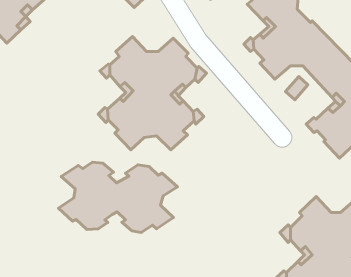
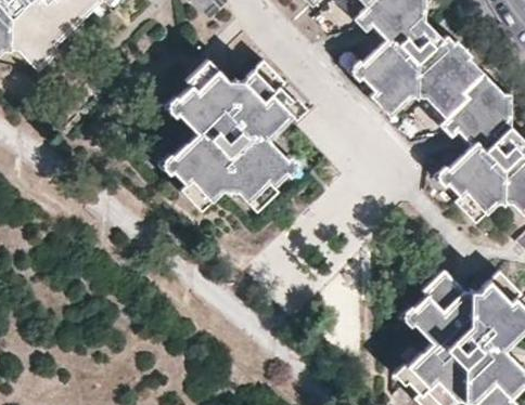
building: [59,162,178,232] -> none

